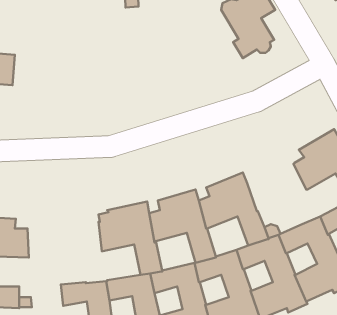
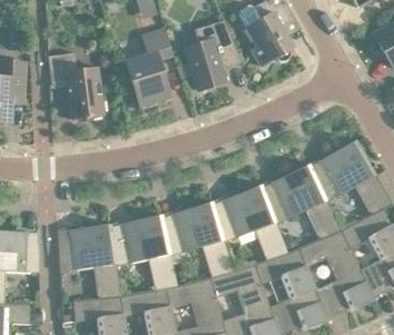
building: none -> [185,20,242,89]
building: none -> [125,27,173,108]
building: none -> [48,52,104,118]
building: none -> [265,164,341,238]
building: none -> [58,224,120,298]

